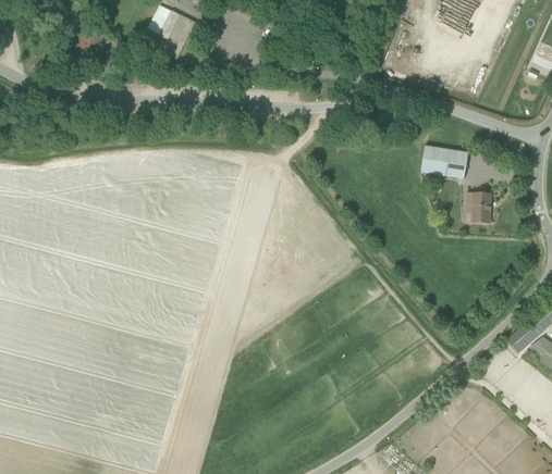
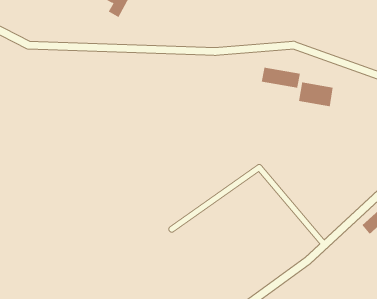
building: none -> [261,67,301,89]
building: [467,192,491,222] -> none

